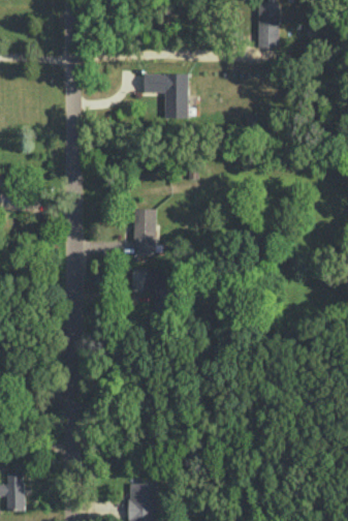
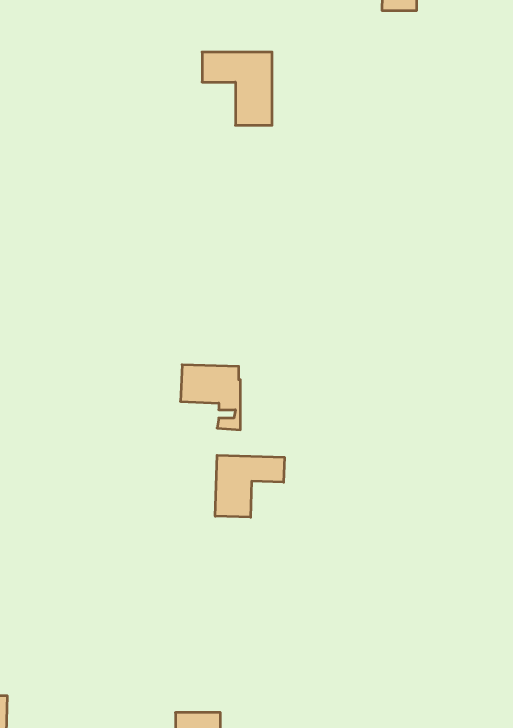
building: [133,209,155,256] -> none
building: none -> [215,455,284,517]

